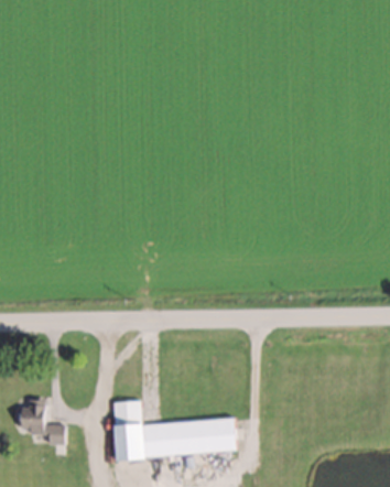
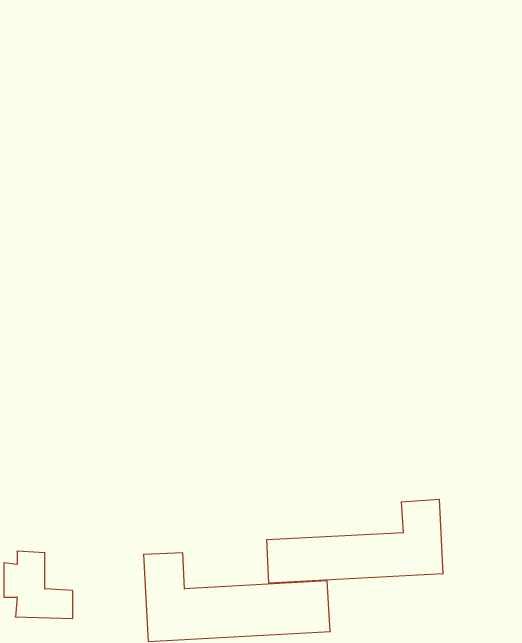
building: none -> [267,499,443,583]

